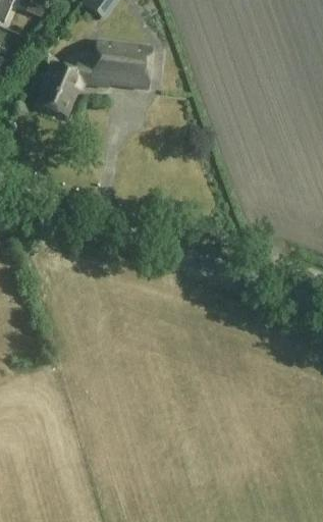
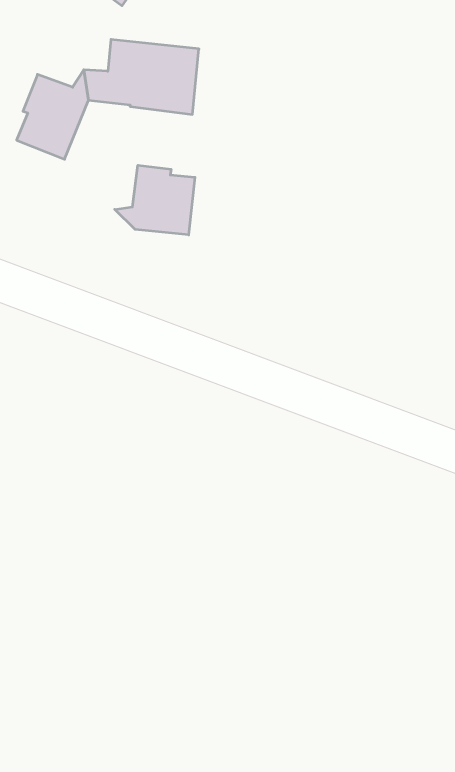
building: none -> [115,165,195,235]

